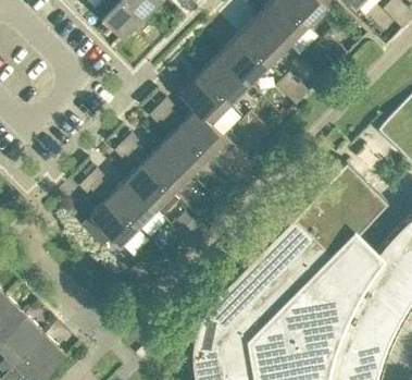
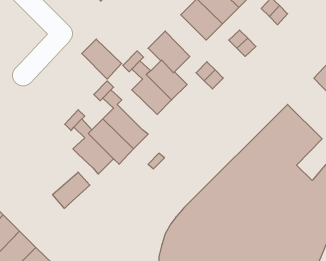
building: [199,54,248,105] -> none
building: [141,145,189,193] -> [82,39,122,79]
building: none -> [53,172,90,208]

